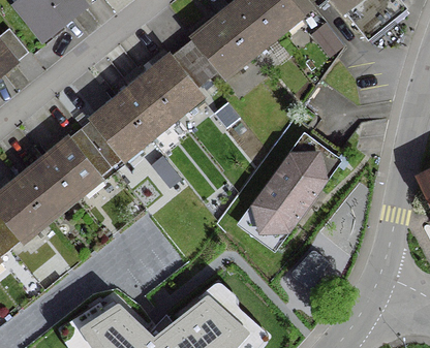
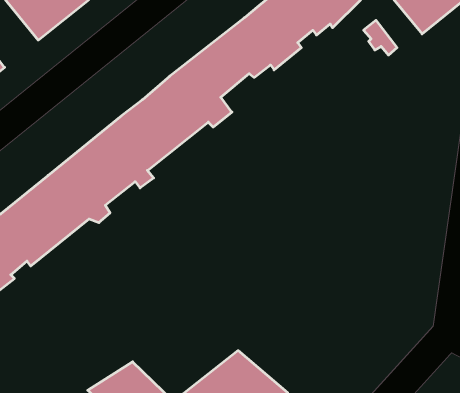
building: [242,140,333,245] -> none

